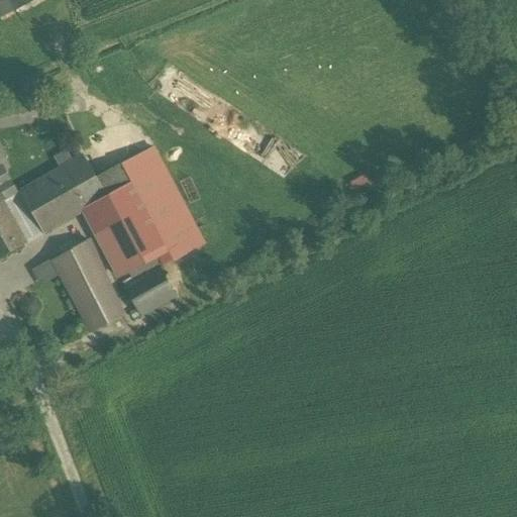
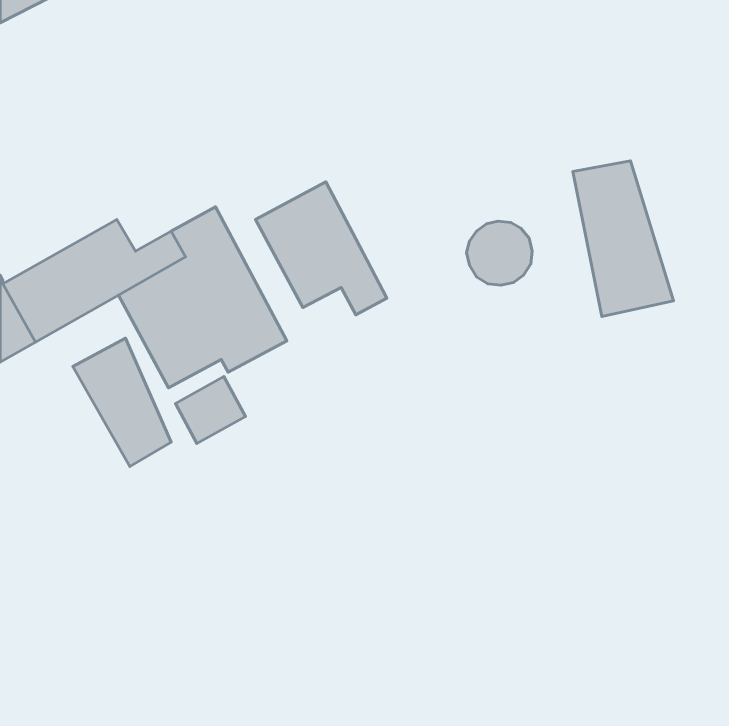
building: none -> [573,161,673,317]
building: none -> [256,182,387,315]

